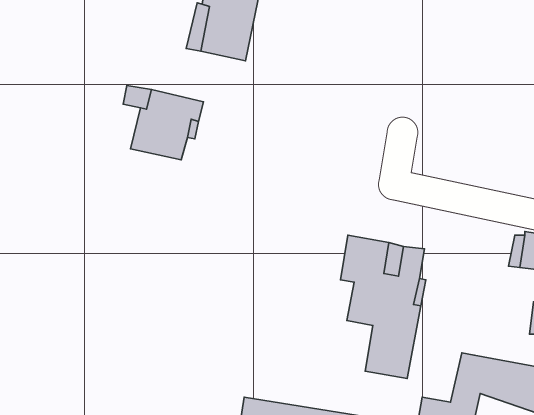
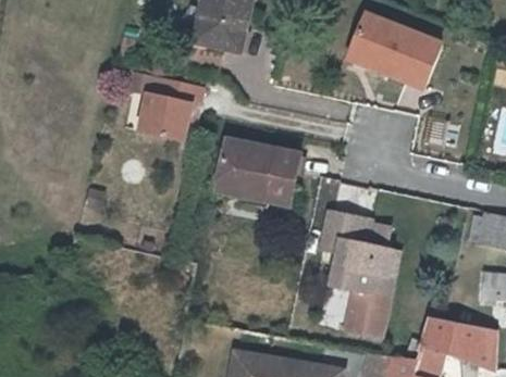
building: none -> [343,16,436,91]
building: none -> [217,143,299,210]

